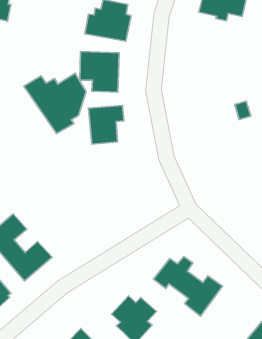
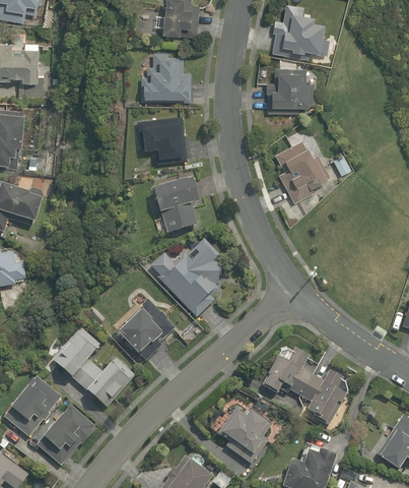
building: none -> [265,68,316,114]
building: [24,73,86,134] -> [145,241,221,317]
building: none -> [273,138,329,202]
building: none -> [116,299,175,359]

